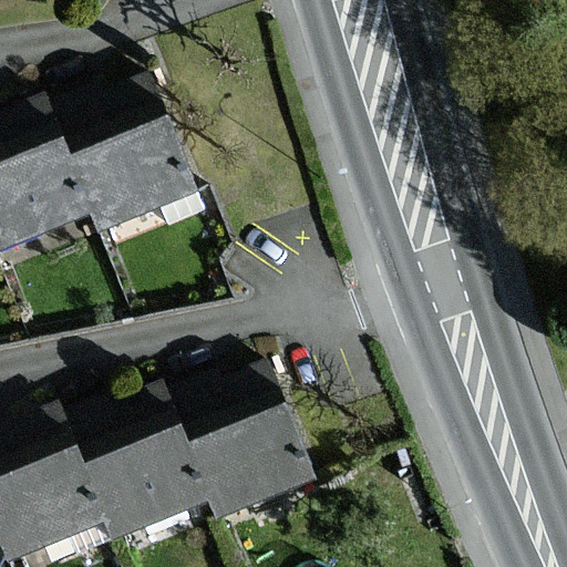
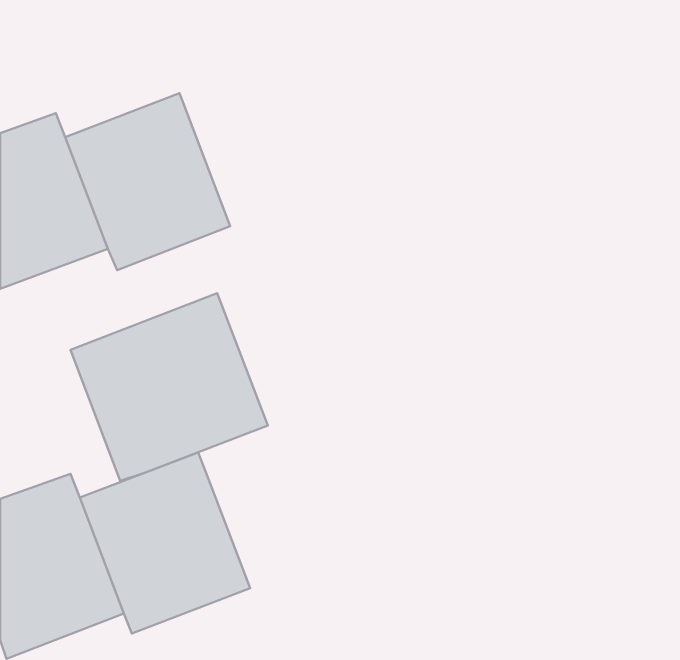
building: none -> [71,293,268,481]
building: [173,377,310,524] -> none

